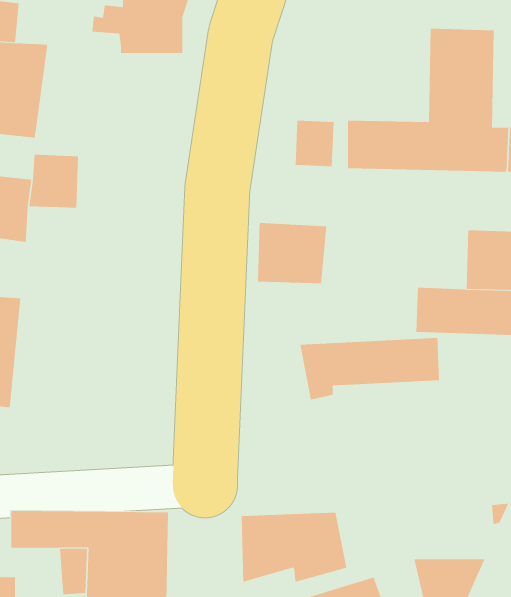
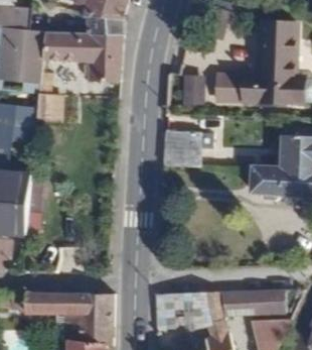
building: none -> [41,31,121,82]
building: [299,337,440,400] -> [206,289,285,325]

